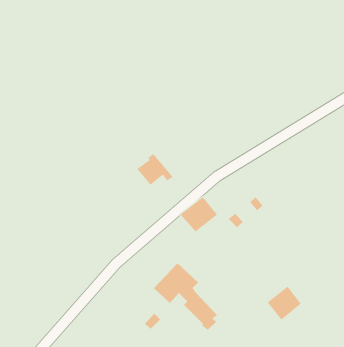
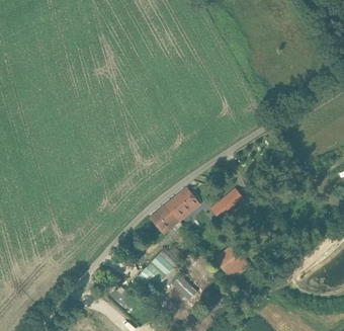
building: [136,153,174,186] -> [150,203,184,233]
building: [267,286,301,320] -> [213,243,245,274]

